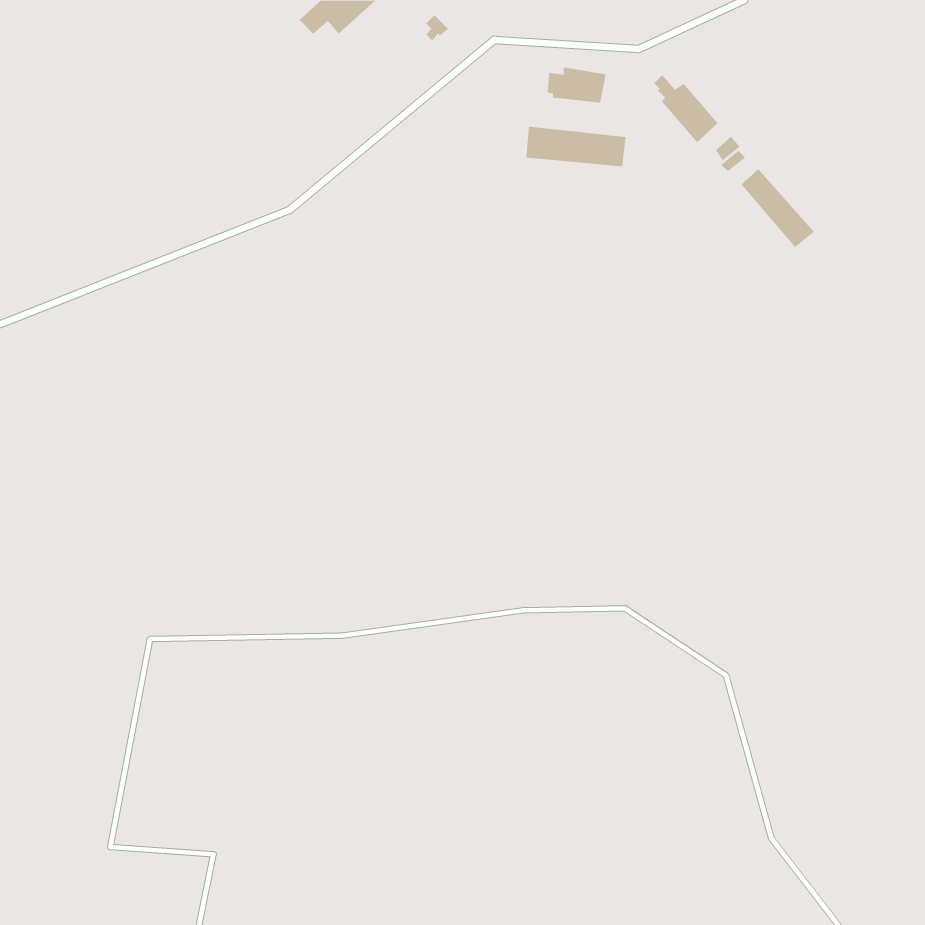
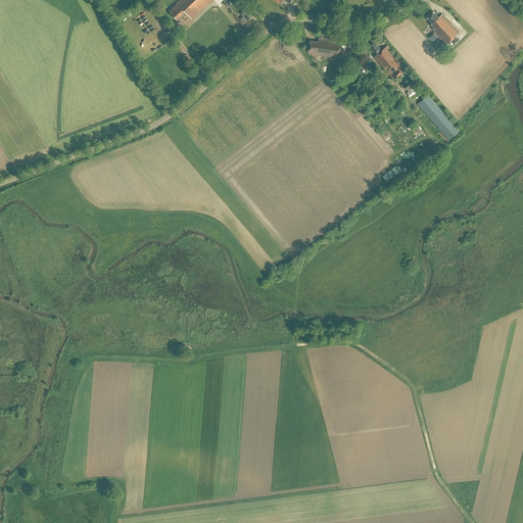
building: none -> [427,12,459,46]
building: [526,126,626,167] -> none

